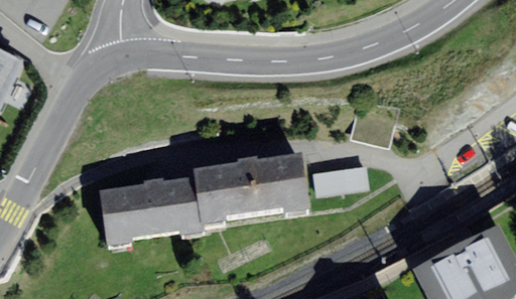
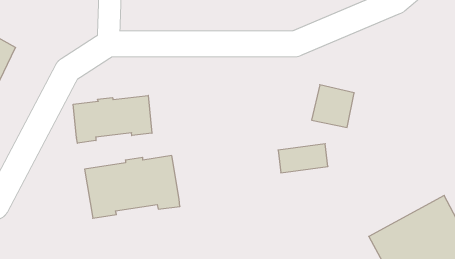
building: none -> [73,95,152,143]
building: [194,155,309,227] -> none

